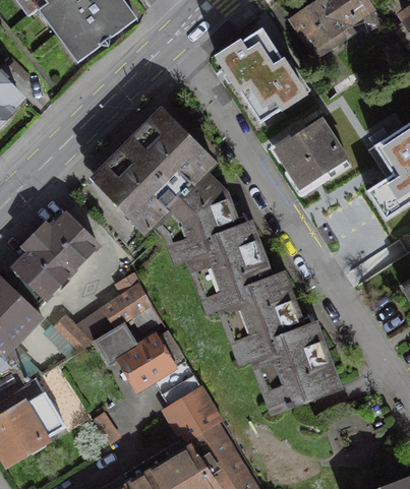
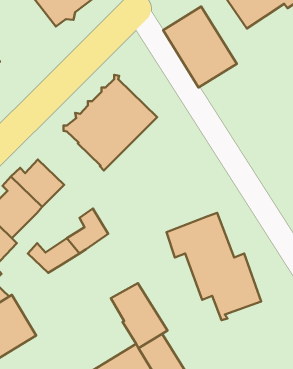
building: [276,120,350,185] -> none
building: [155,172,271,301] -> none
building: [94,321,186,389] -> none

